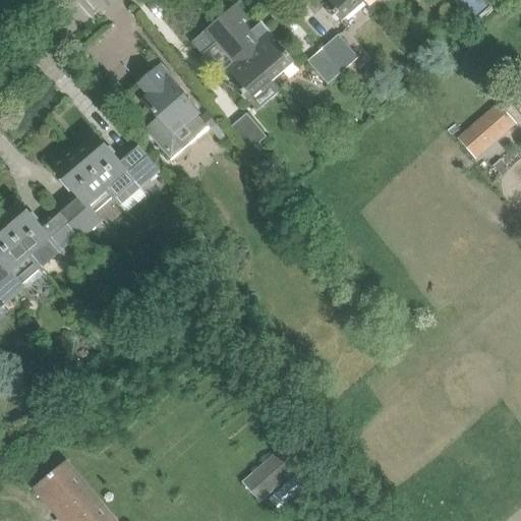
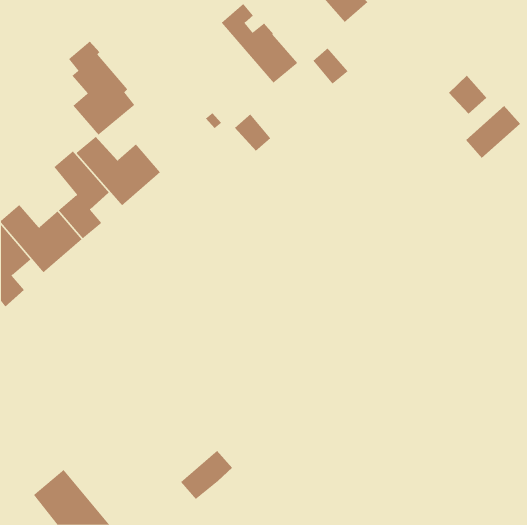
building: [196,22,270,102] -> none
building: [324,34,359,70] -> none
building: [139,65,206,159] -> [68,41,135,136]
building: none -> [448,75,487,114]
building: [245,450,297,499] -> [180,450,233,500]

